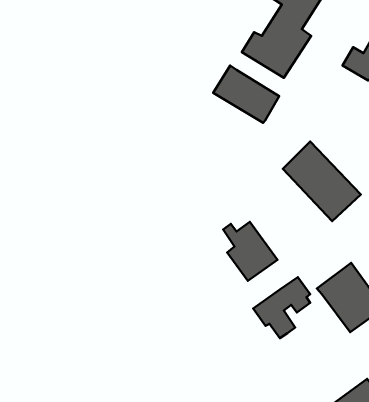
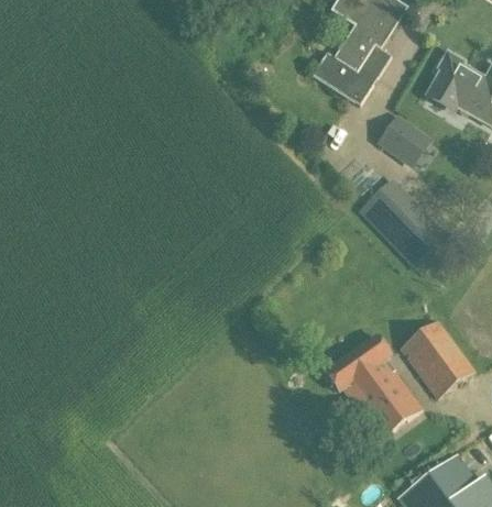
building: [213,66,279,123] -> none
building: none -> [376,114,428,165]
building: [223,222,277,281] -> [360,365,423,433]

